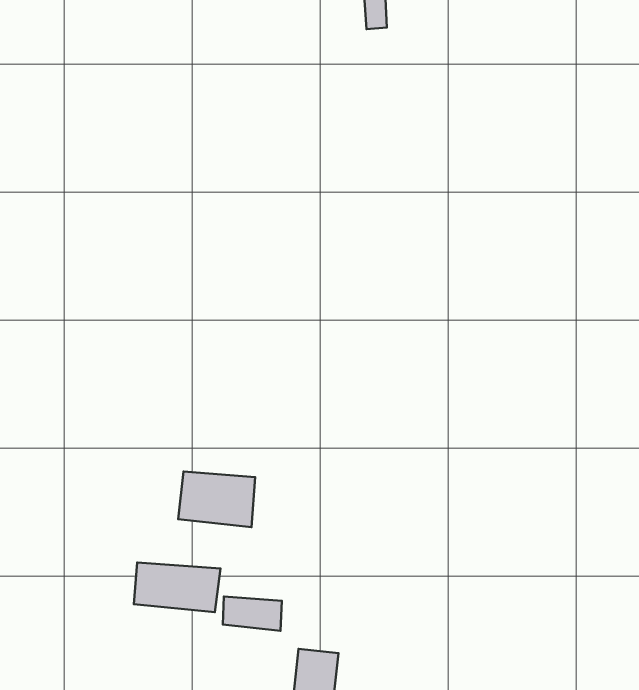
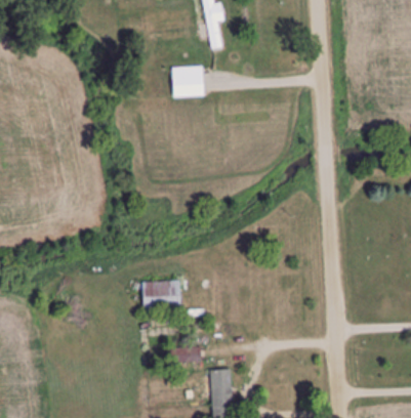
building: none -> [173,66,204,96]
building: [134,562,220,612] -> none

